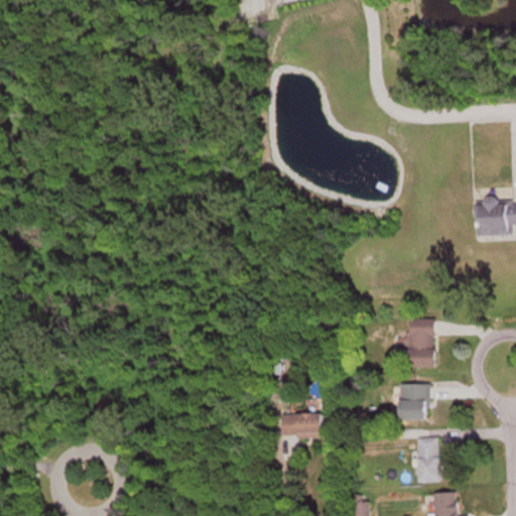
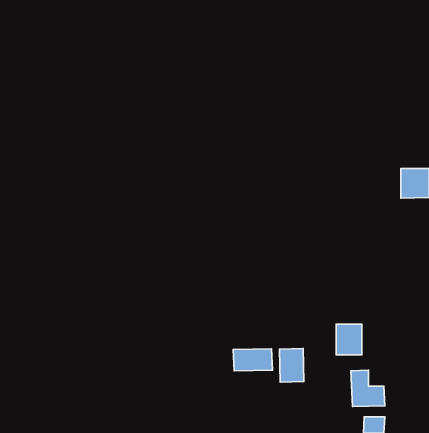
building: [405,318,433,366] -> none
building: none -> [279,349,304,382]

